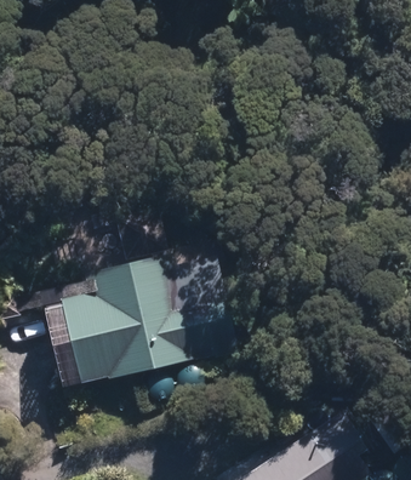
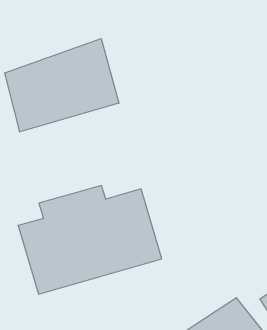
building: none -> [5,39,119,132]

